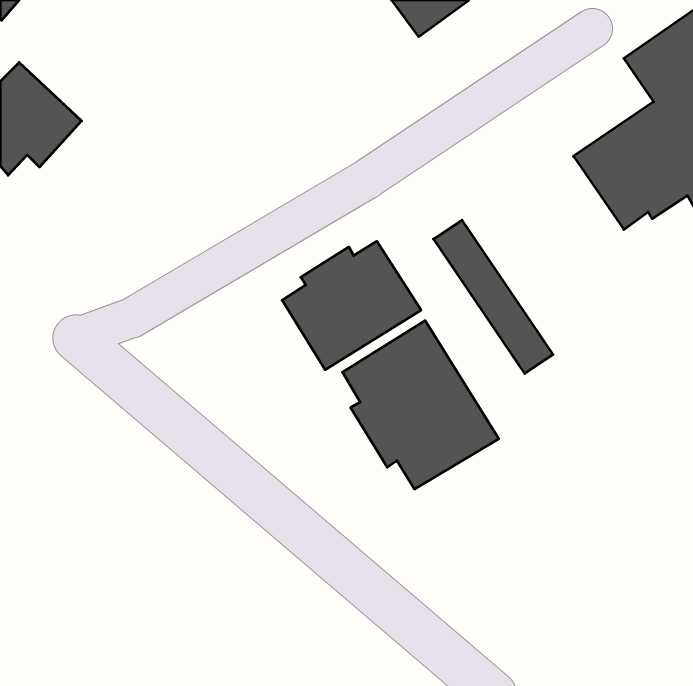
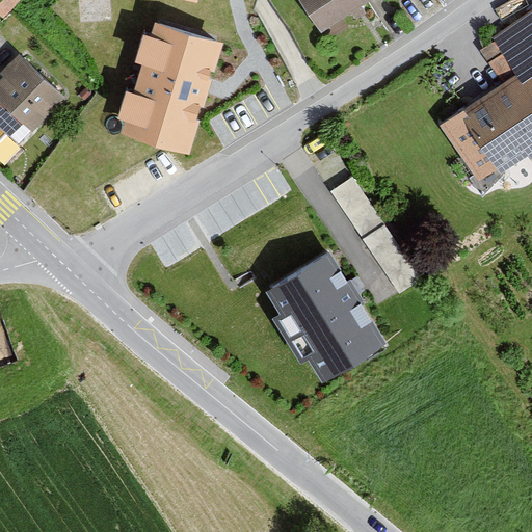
building: none -> [115,16,224,151]
building: [282,241,421,370] -> none

